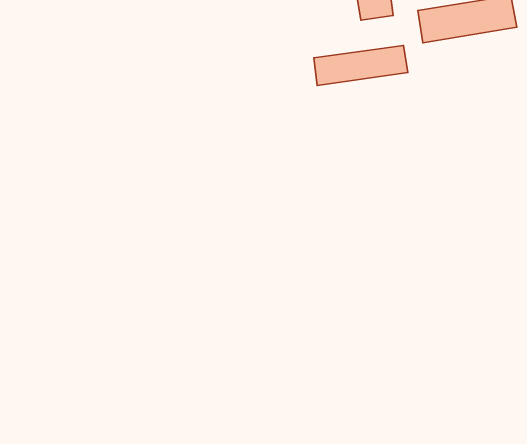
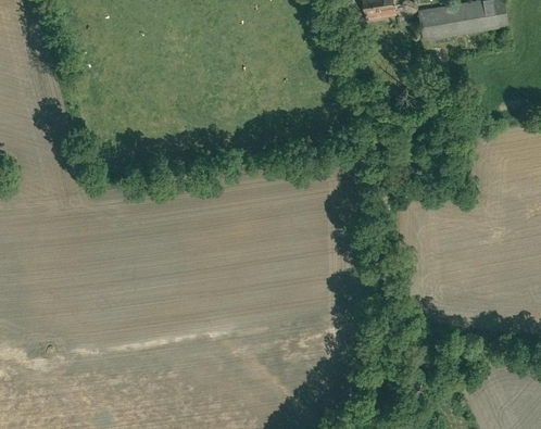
building: [314,45,408,85] -> none

